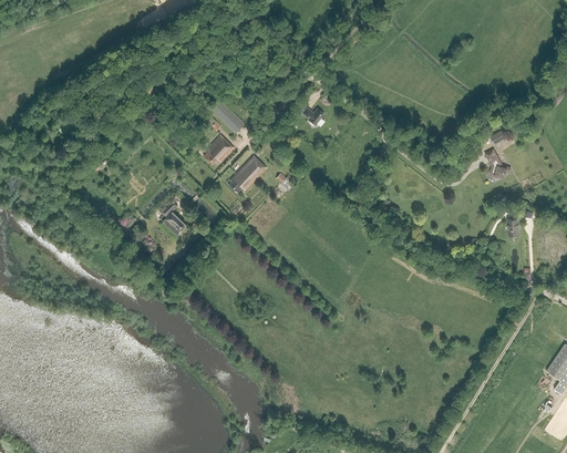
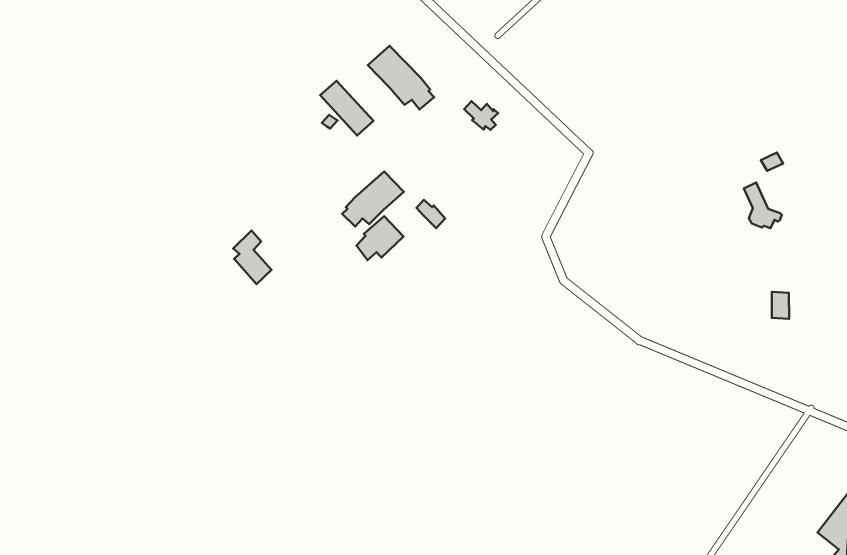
building: none -> [368,46,434,110]
building: [204,134,234,163] -> [356,216,403,260]

